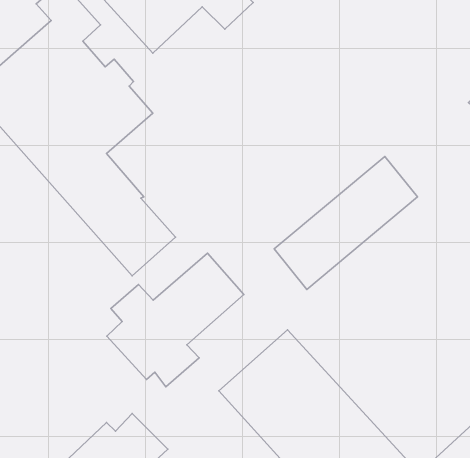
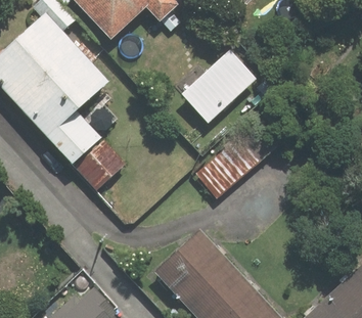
building: none -> [172,49,257,125]
building: [107,253,244,387] -> none

